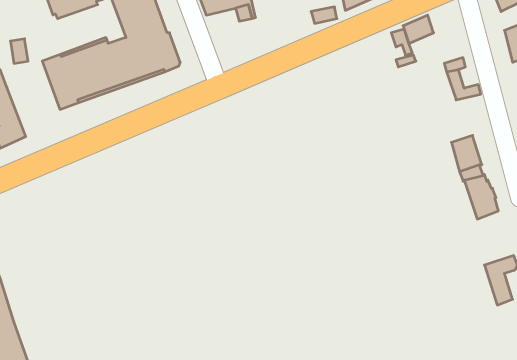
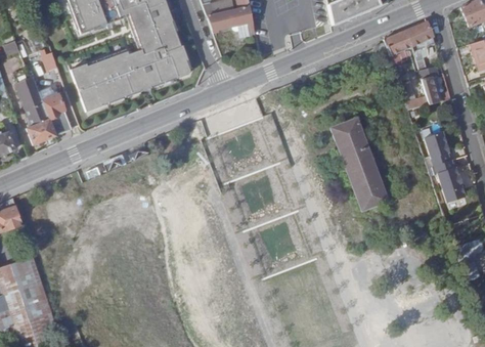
building: none -> [405,24,436,70]
building: none -> [40,88,72,135]
building: none -> [329,117,387,210]

